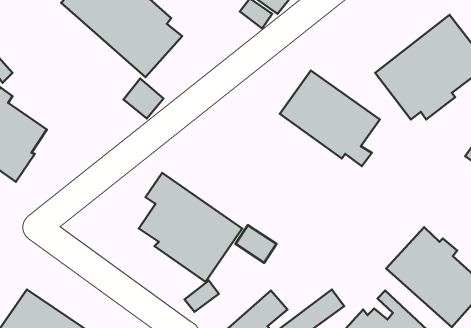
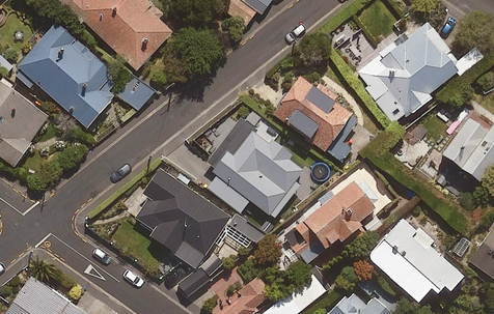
building: none -> [16,31,118,136]
building: none -> [203,114,302,217]
building: none -> [281,175,376,263]

